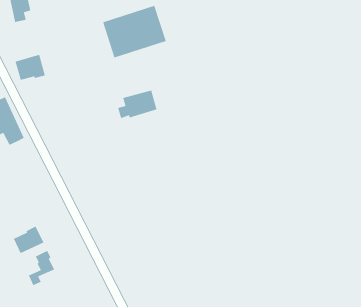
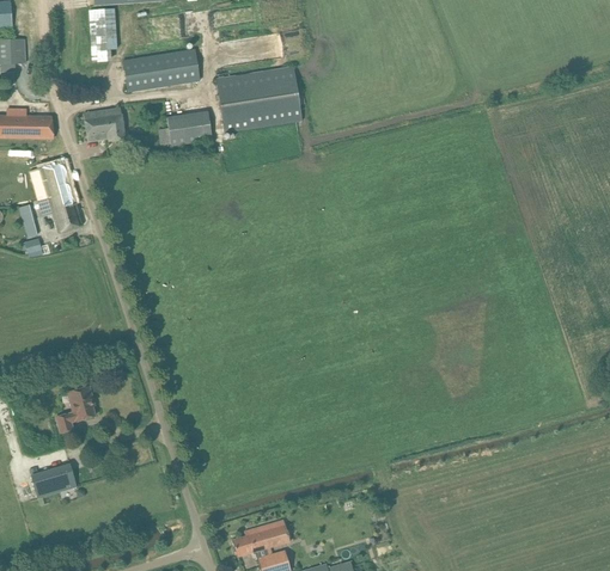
building: none -> [122,49,197,91]
building: [117,89,158,119] -> [158,109,214,145]
building: [13,225,44,254] -> none

